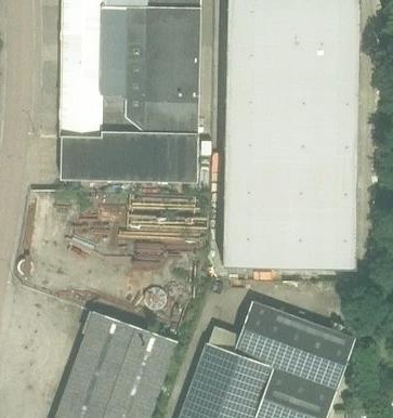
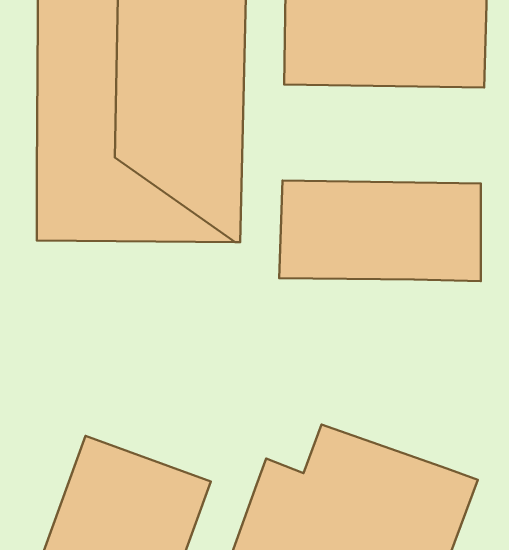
building: [225,77,359,143] -> none
building: [222,206,357,269] -> none

